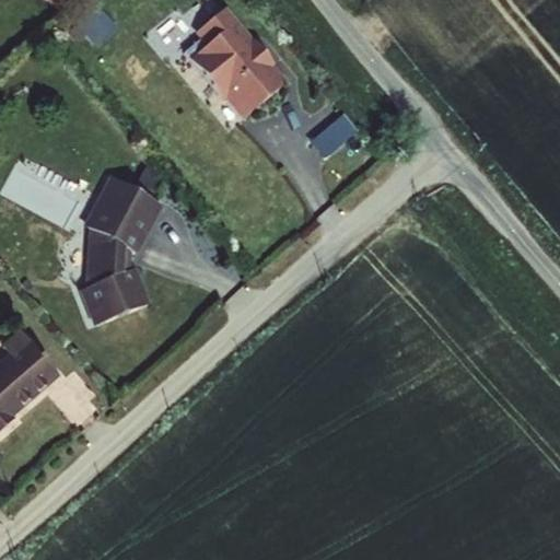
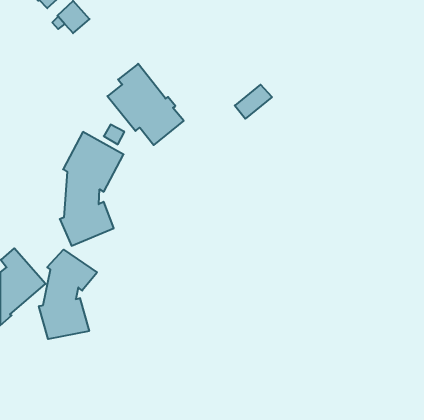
building: [183,4,283,112] -> [107,64,184,145]
building: none -> [39,250,97,339]

